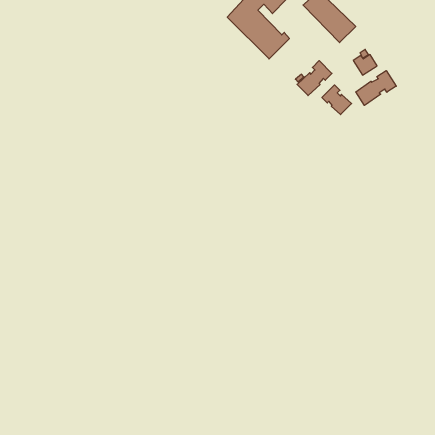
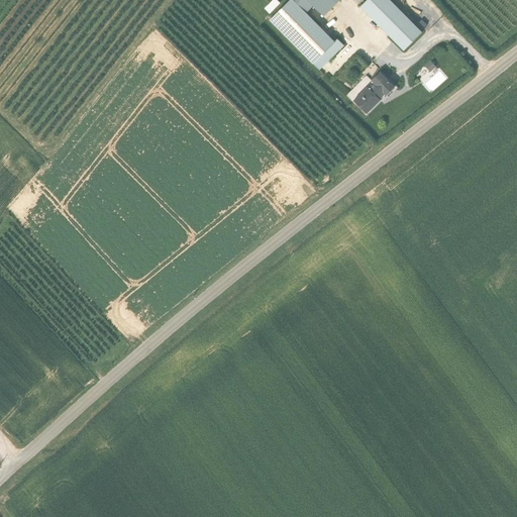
building: [356,71,396,105] -> none
building: [322,85,352,115] -> none

